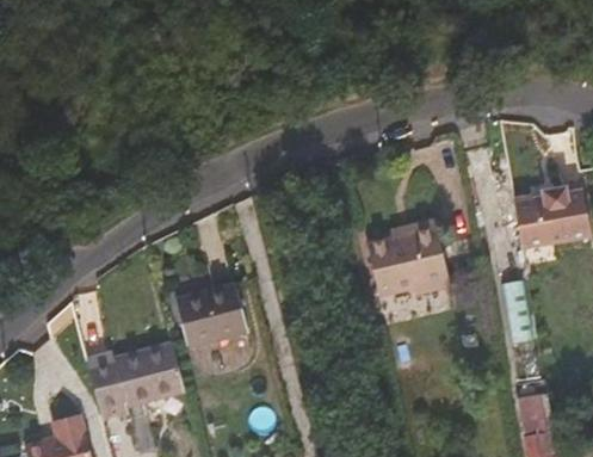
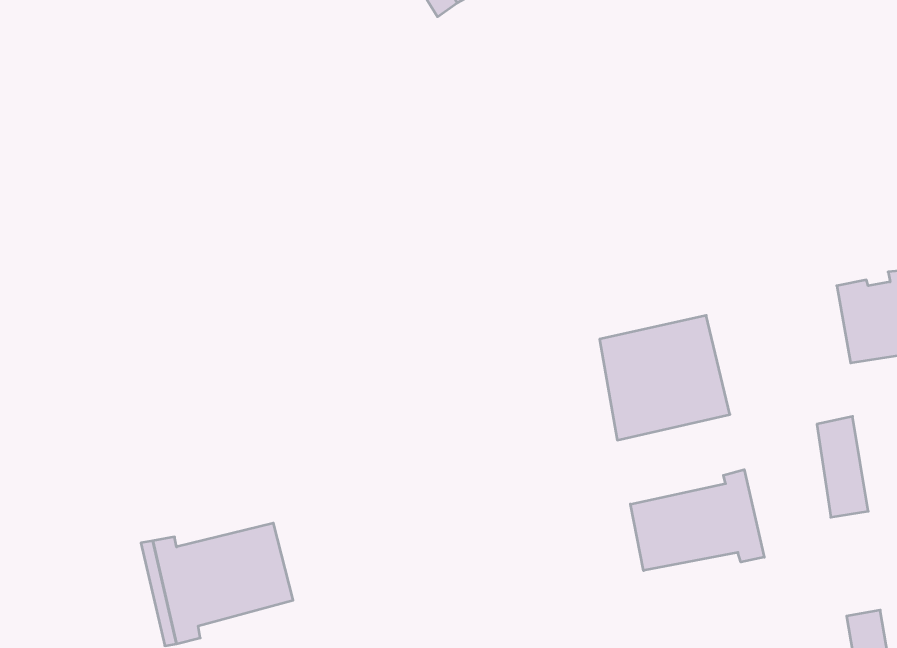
building: [177,284,248,345] -> none
building: none -> [630,470,764,571]

